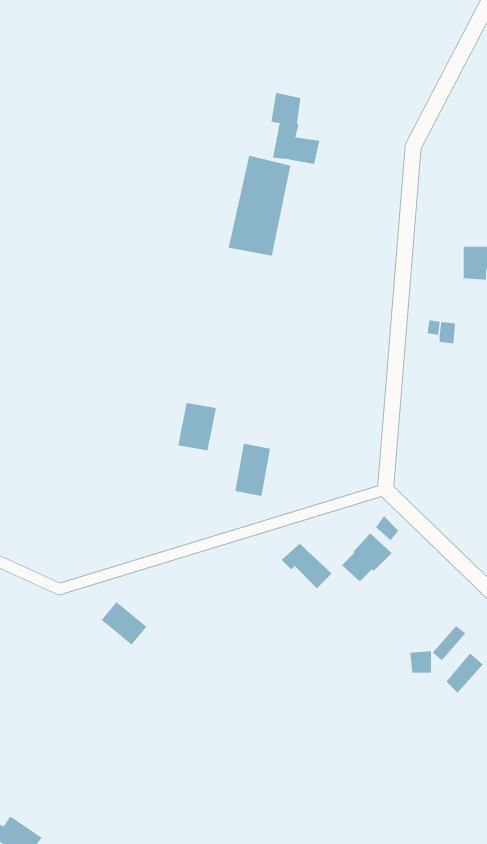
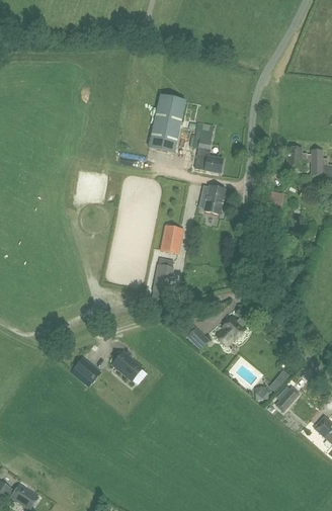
building: [270,93,320,165] -> [193,130,223,172]
building: none -> [200,184,225,214]
building: [177,403,217,451] -> [160,225,183,253]
building: none -> [110,349,143,380]

